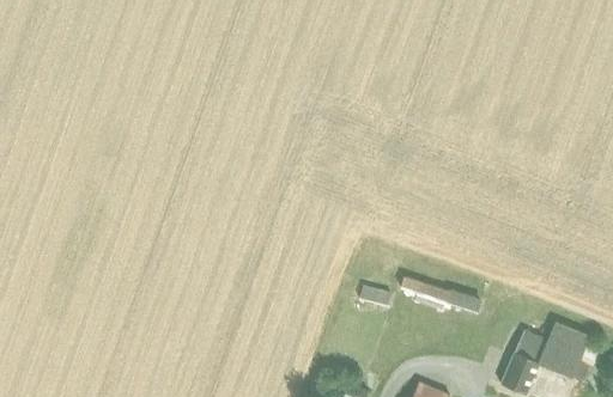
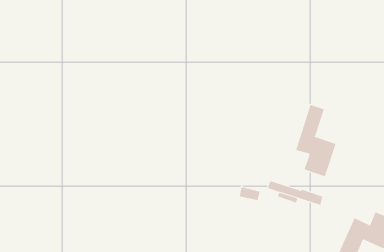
building: none -> [296,104,336,177]

